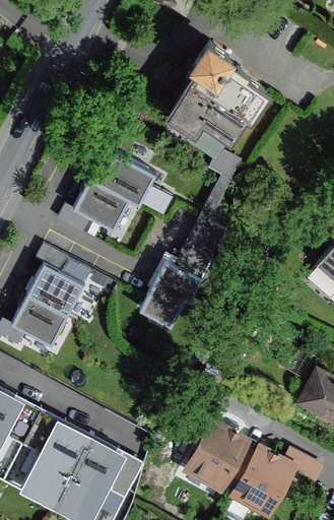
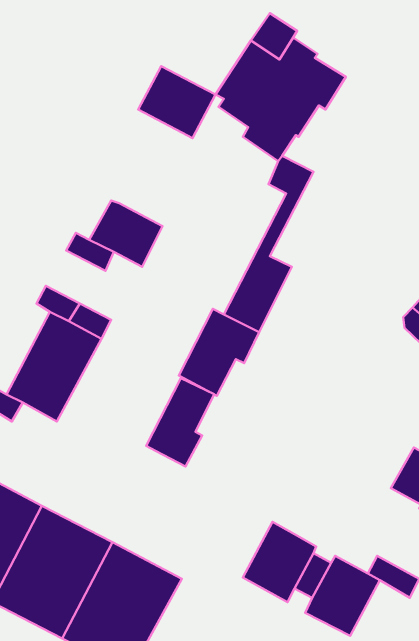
building: [97,152,155,206] -> [138,66,216,138]
building: none -> [146,378,214,466]

